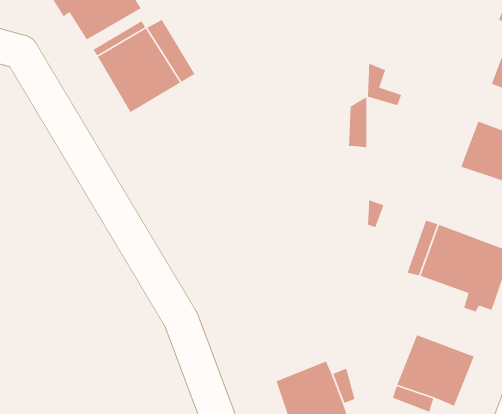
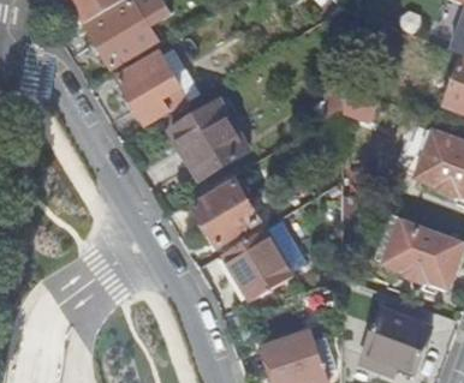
building: none -> [169,101,248,179]
building: none -> [194,181,258,246]
building: none -> [222,229,291,299]

